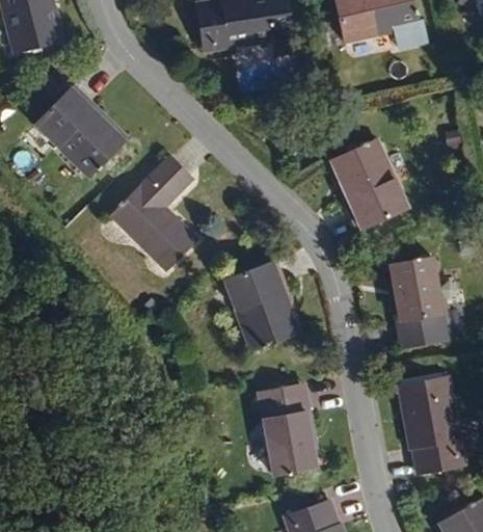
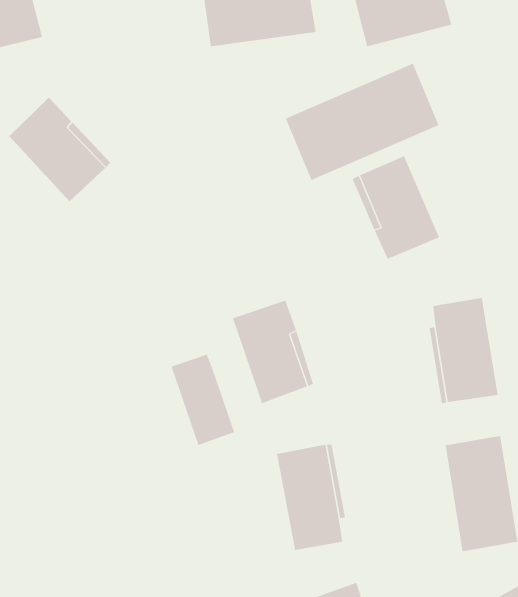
building: none -> [285,63,439,181]
building: [116,156,200,269] -> none
building: none -> [171,354,235,446]

